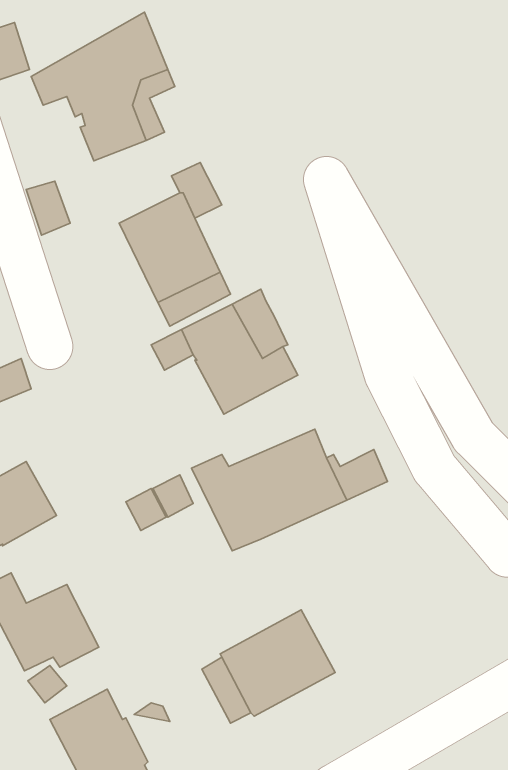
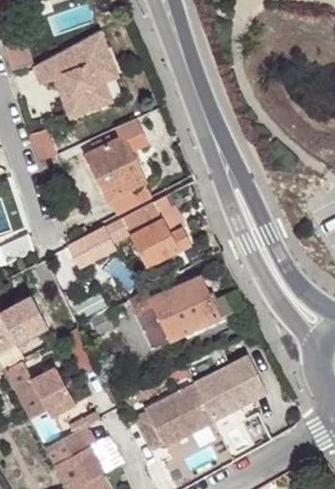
building: none -> [67,228,114,268]
building: none -> [193,354,267,420]

